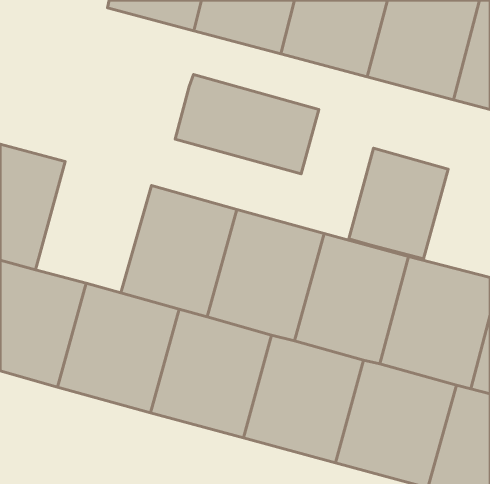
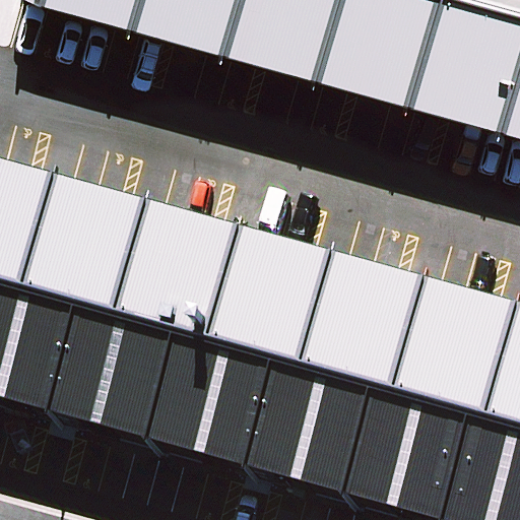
building: [175,74,319,174] -> none
building: [349,148,448,259] -> none
building: none -> [38,178,160,317]

